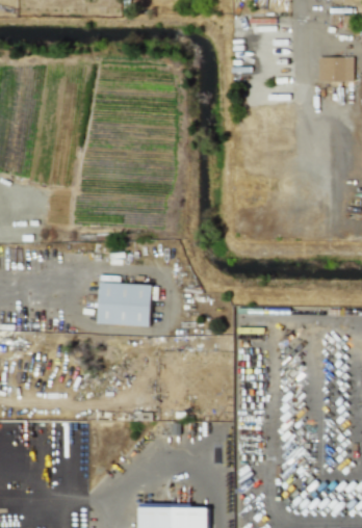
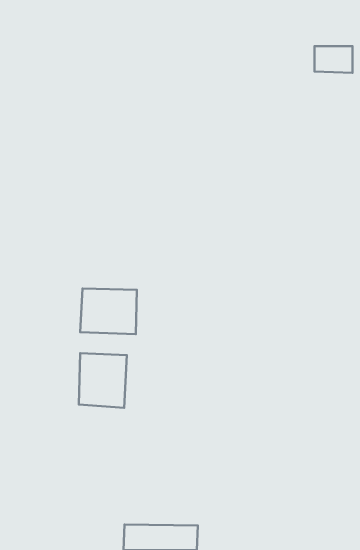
building: none -> [79,353,127,408]

